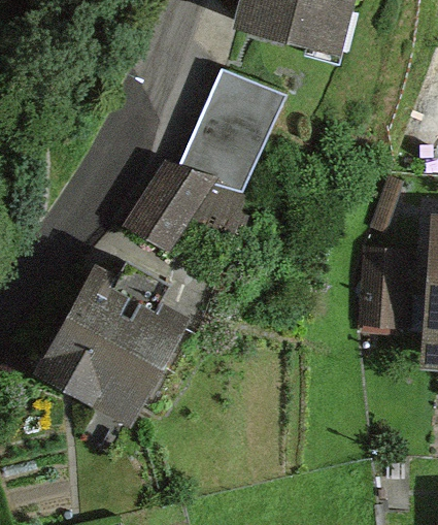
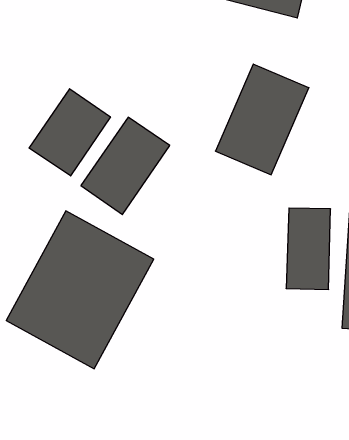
building: [187,61,289,182] -> [215,64,309,175]
building: none -> [29,89,110,176]

